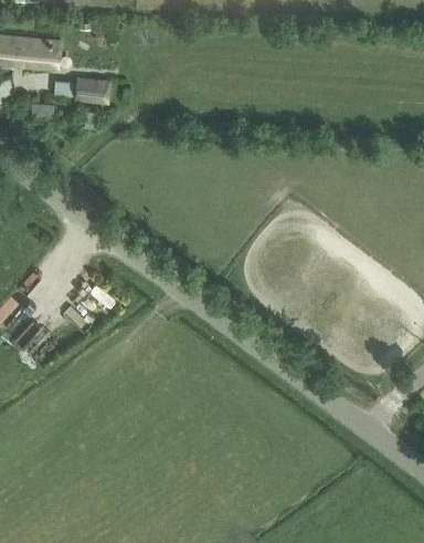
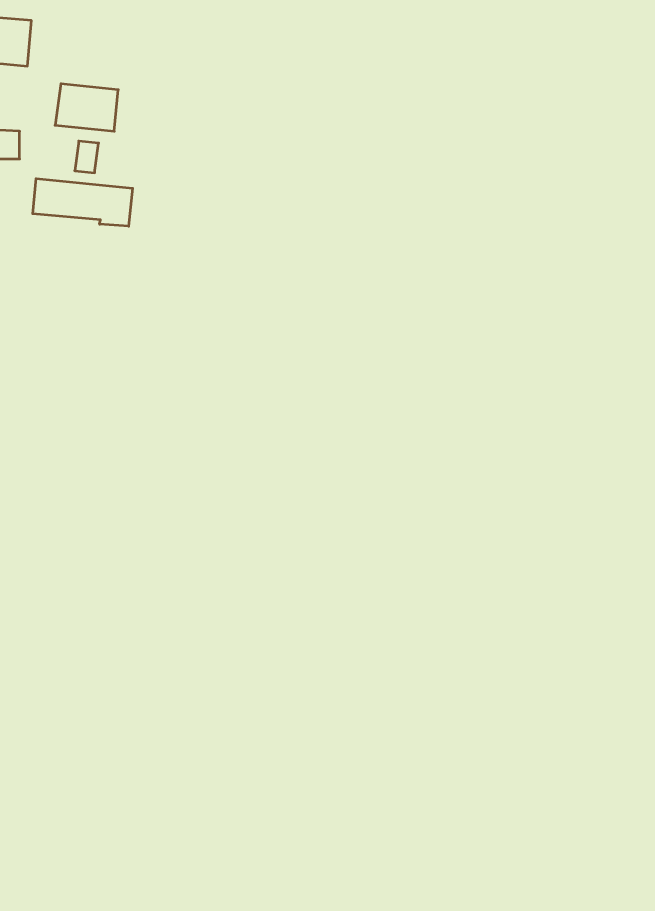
building: none -> [33,179,133,226]

